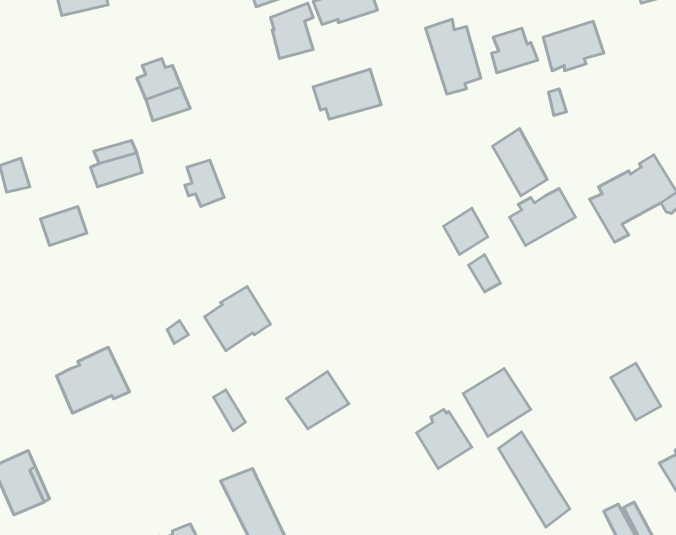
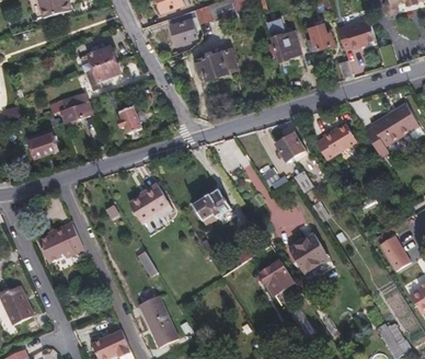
building: [492,129,547,196] -> none
building: [287,372,349,429] -> [193,192,231,227]
building: [499,432,570,527] -> none

